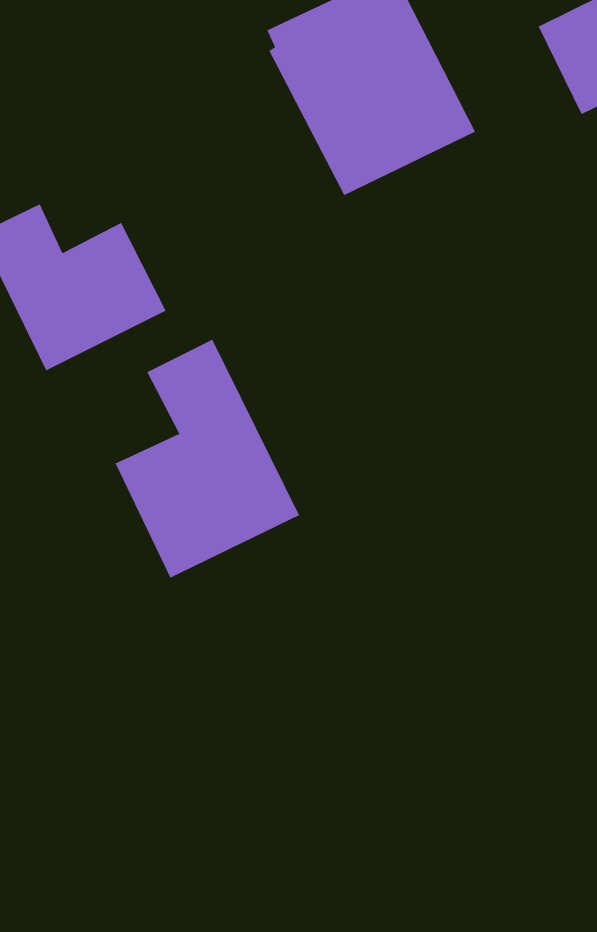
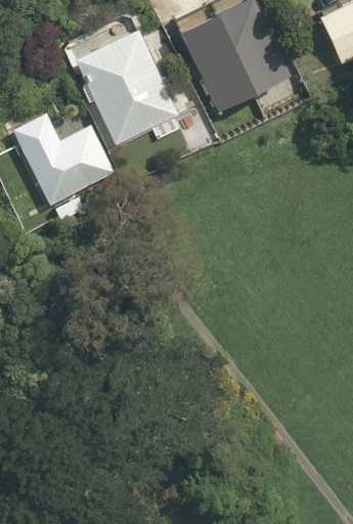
building: none -> [76,29,178,145]
building: [115,339,300,579] -> none

